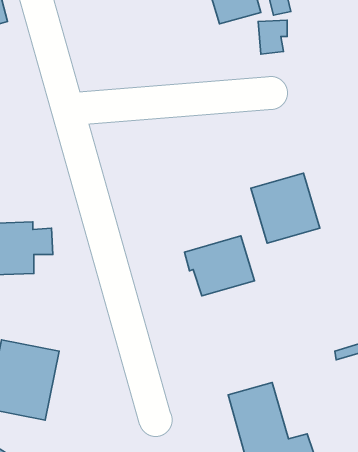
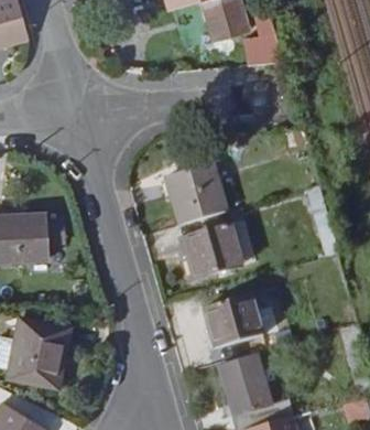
building: [251,173,320,243] -> [166,164,227,226]
building: none -> [205,295,264,350]

